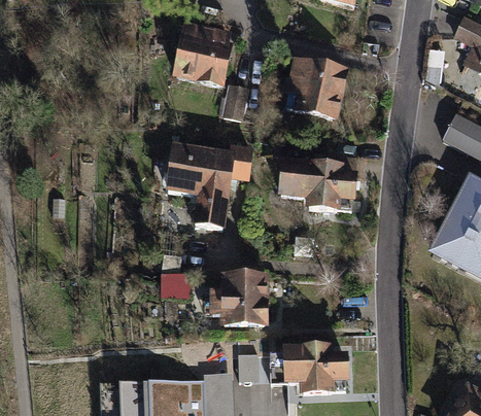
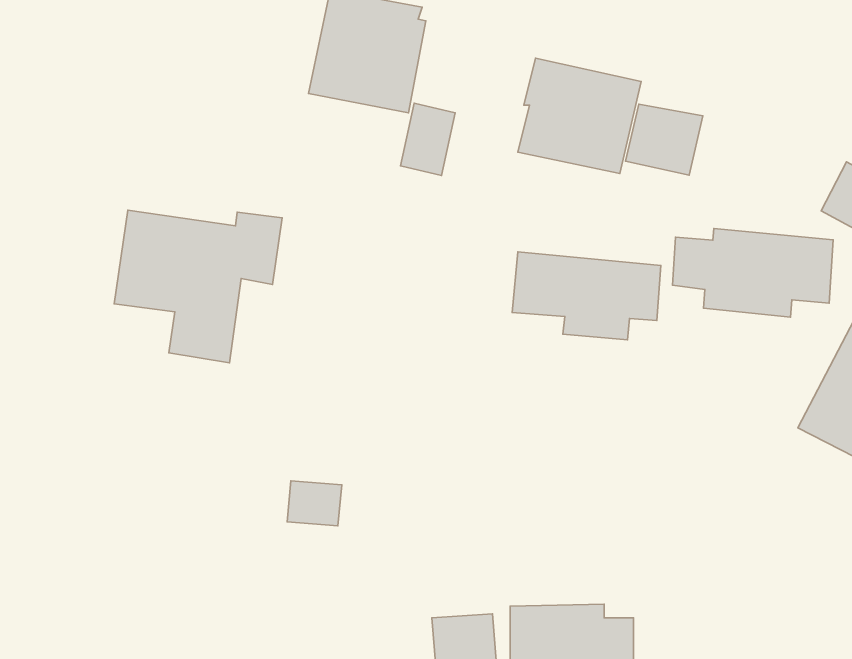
building: none -> [625,104,703,175]
building: [166,143,254,223] -> [114,210,282,363]
building: none -> [673,228,833,317]
building: [211,268,271,322] -> none

